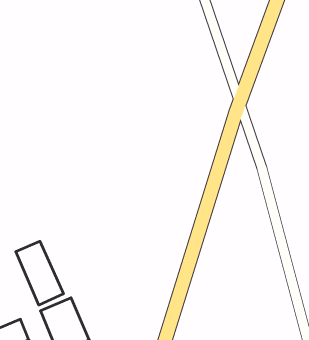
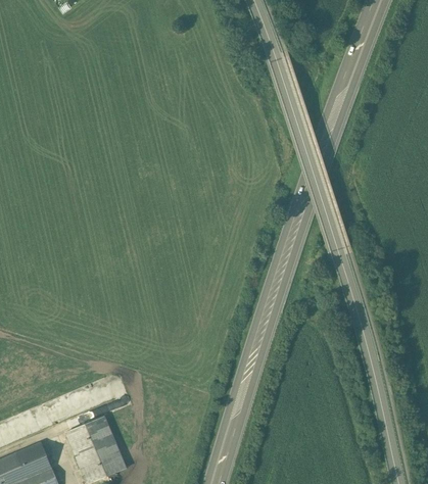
building: [16,241,63,305] -> none

